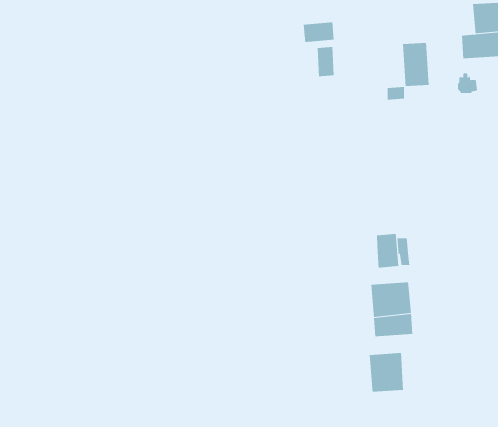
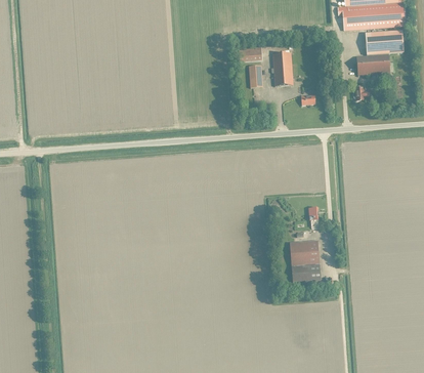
building: [402,42,430,86] -> [272,52,293,85]
building: [377,233,399,268] -> none
building: [369,352,403,393] -> none

